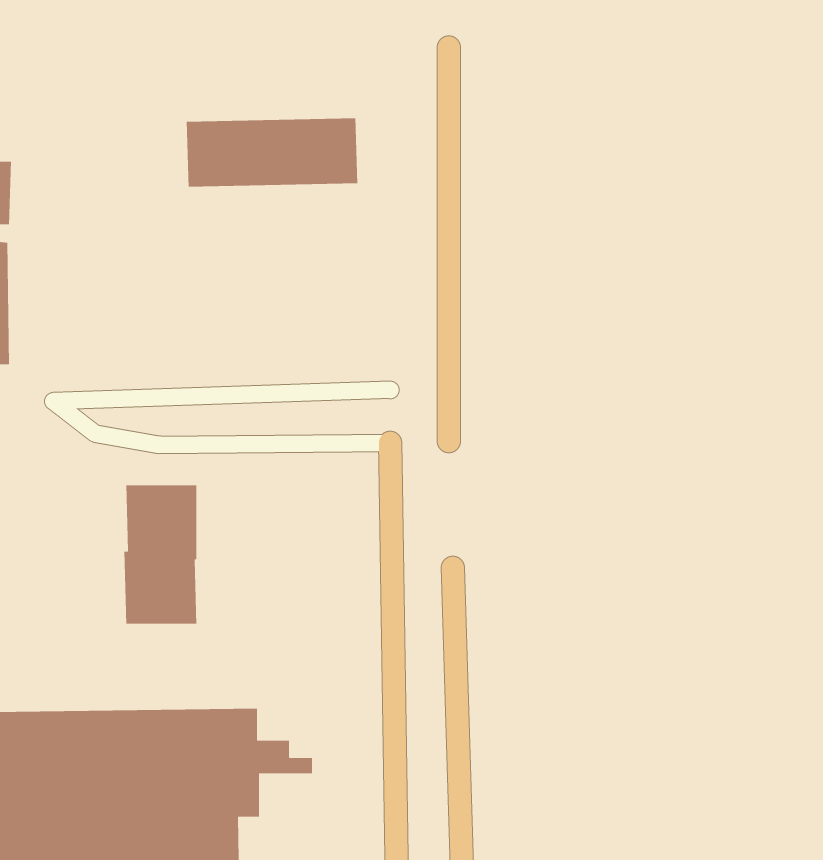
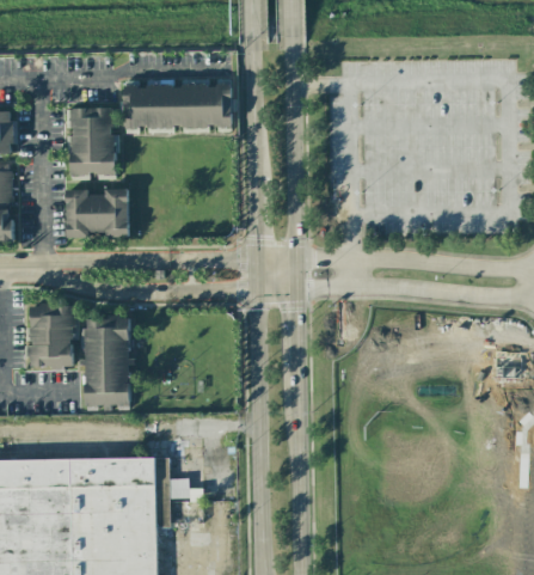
building: none -> [68,108,115,176]
building: none -> [66,189,129,238]
building: none -> [29,305,79,368]

